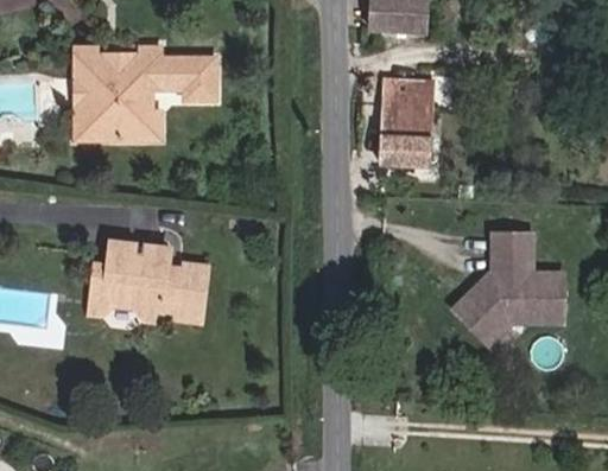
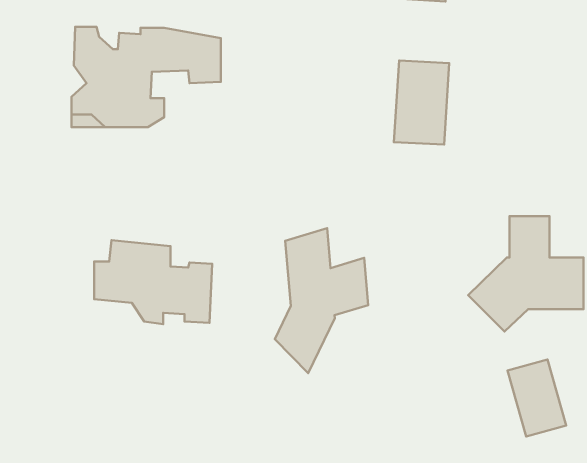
building: none -> [275,228,368,373]
building: none -> [507,360,566,436]

